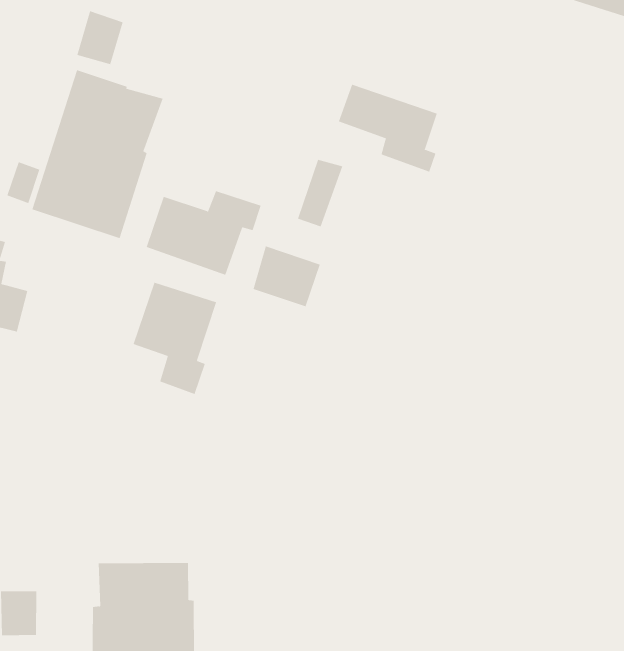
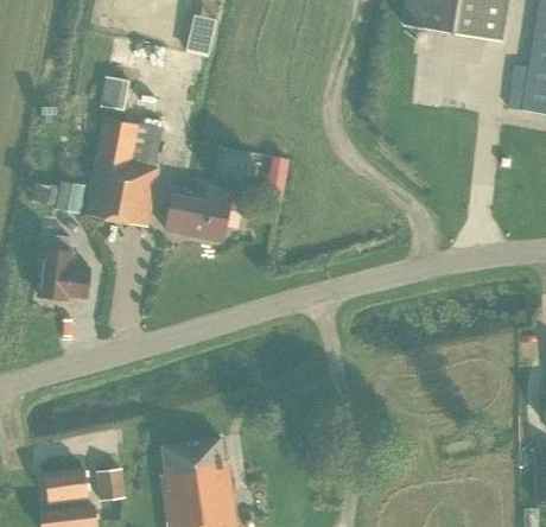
building: [338,84,437,172] -> none
building: [253,246,321,307] -> none
building: [133,282,217,395] -> none

